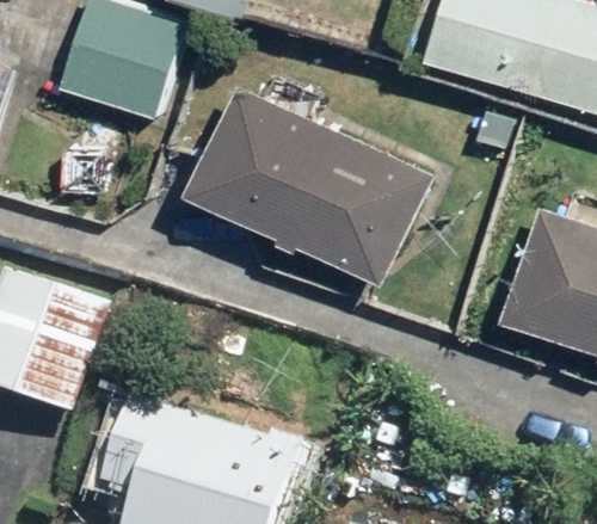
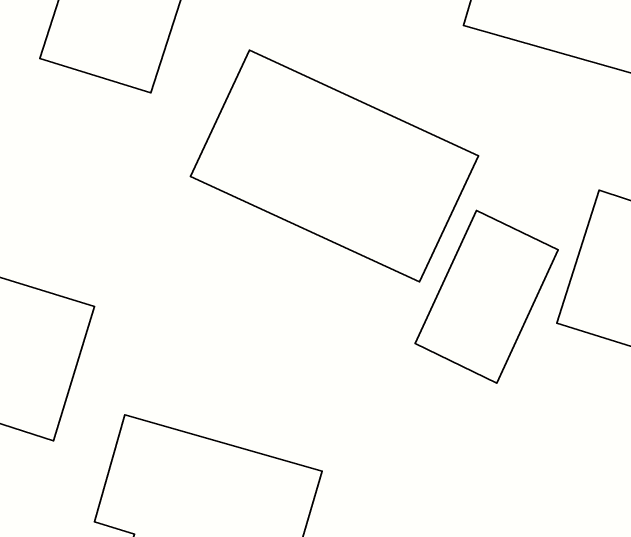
building: none -> [415,210,558,383]

